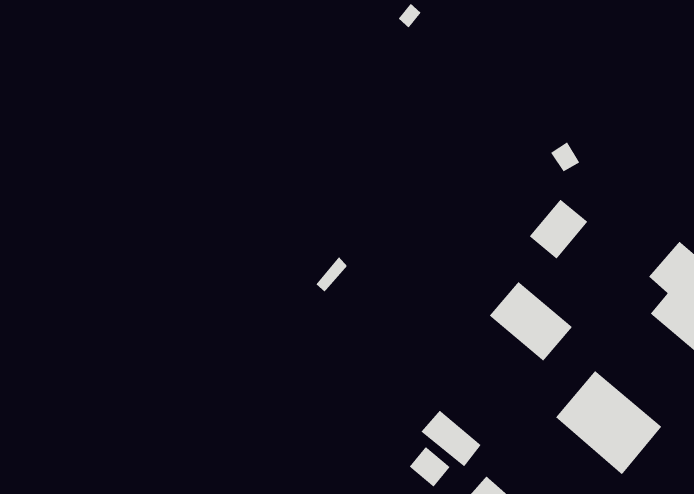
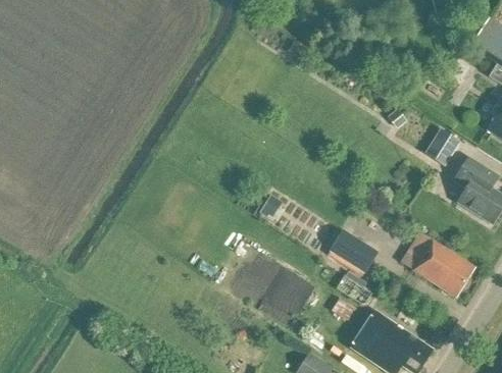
building: [529,199,588,259] -> [424,128,458,164]
building: [489,281,573,362] -> [328,228,378,273]

